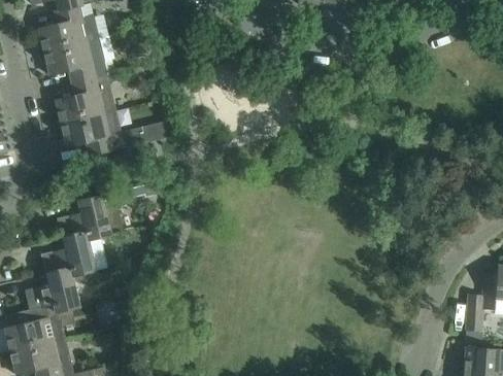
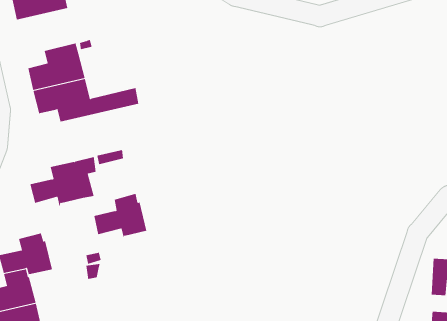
building: [43,40,104,83] -> none
building: [41,232,96,276] -> [93,193,147,237]

